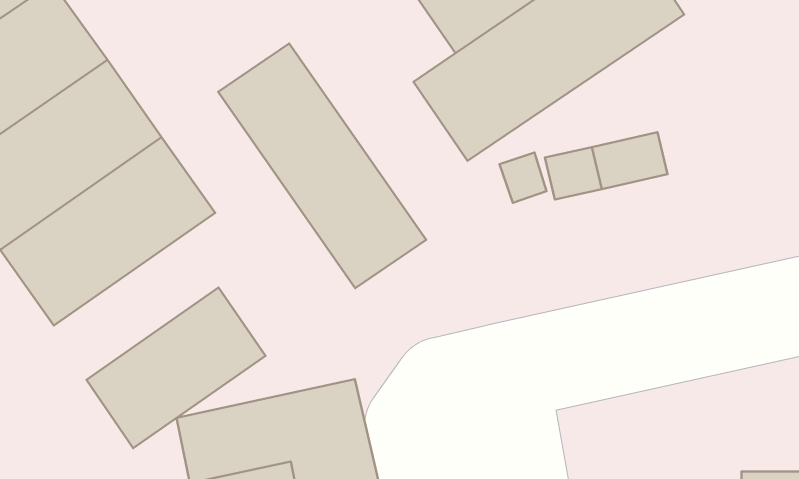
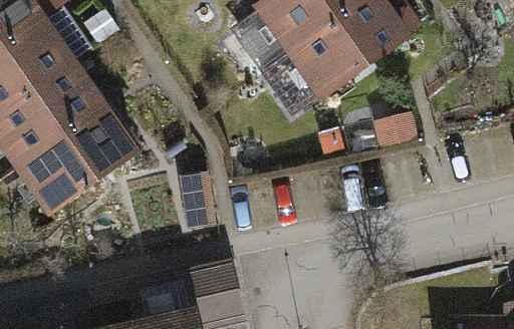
building: [218,44,426,288] -> none
building: [86,288,265,448] -> none

